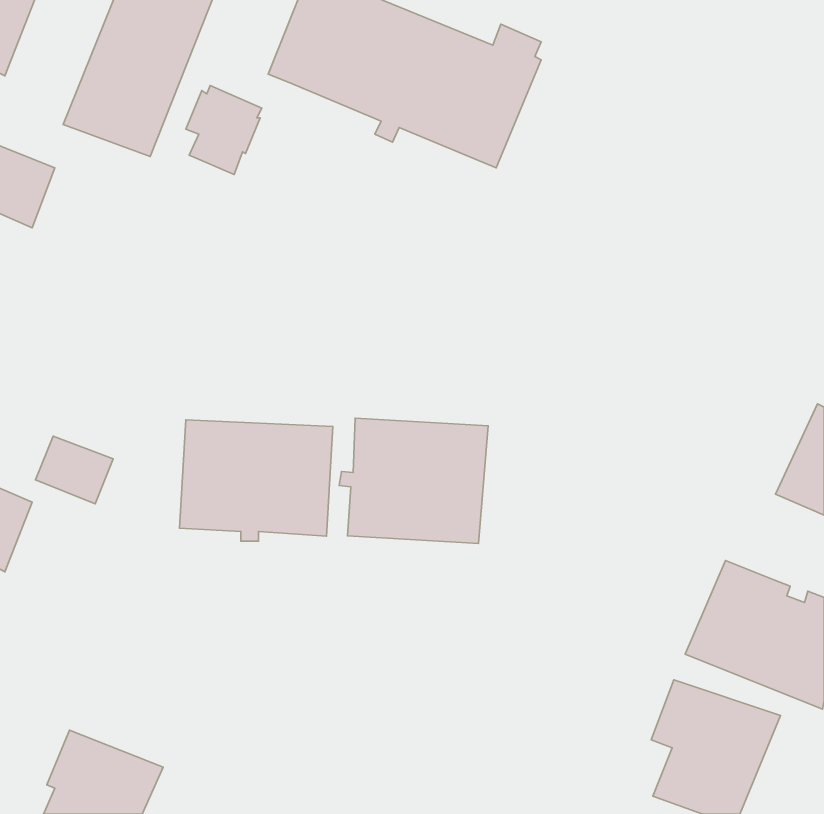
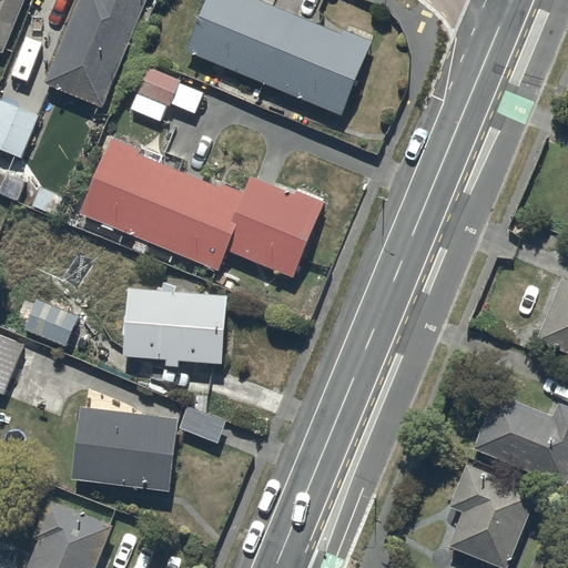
building: none -> [79,138,323,278]
building: [339,418,488,543] -> none
building: none -> [71,409,178,491]

